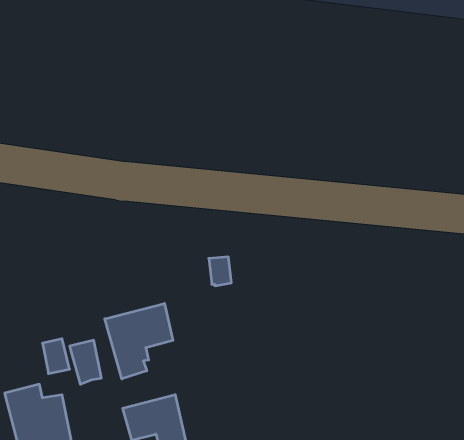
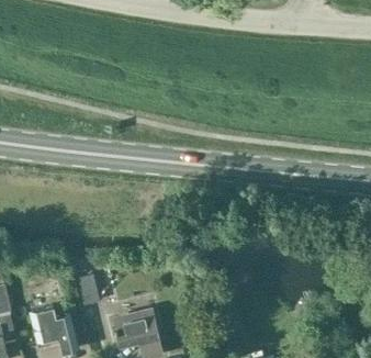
building: [105,303,173,379] -> none

